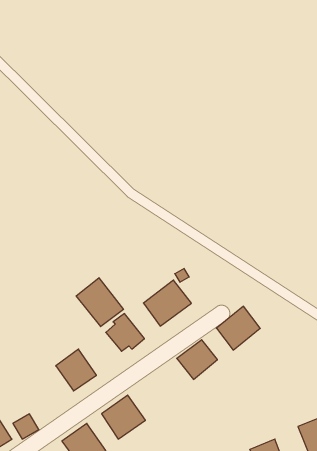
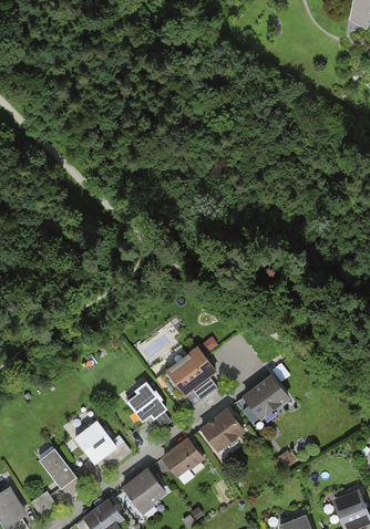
building: [76,278,123,327] -> none
building: none -> [161,439,203,479]
building: none -> [38,447,76,489]

